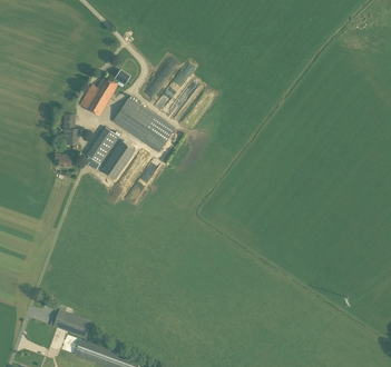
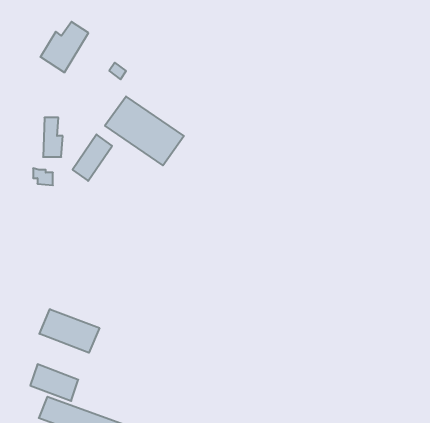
building: [80,76,118,116] -> [40,22,88,72]
building: [101,141,135,179] -> none
building: none -> [39,309,99,353]

